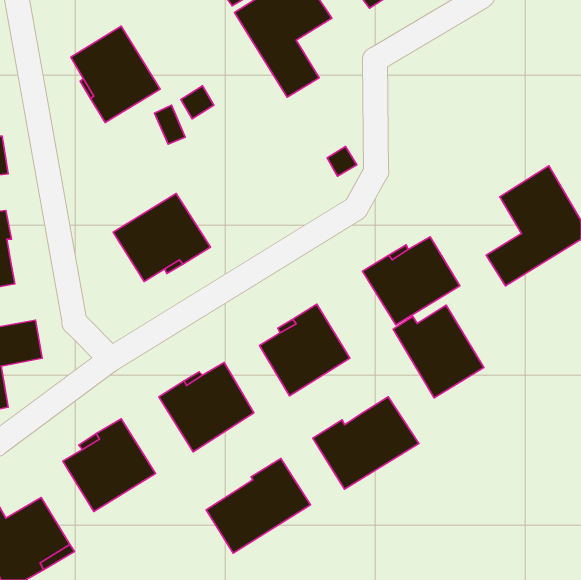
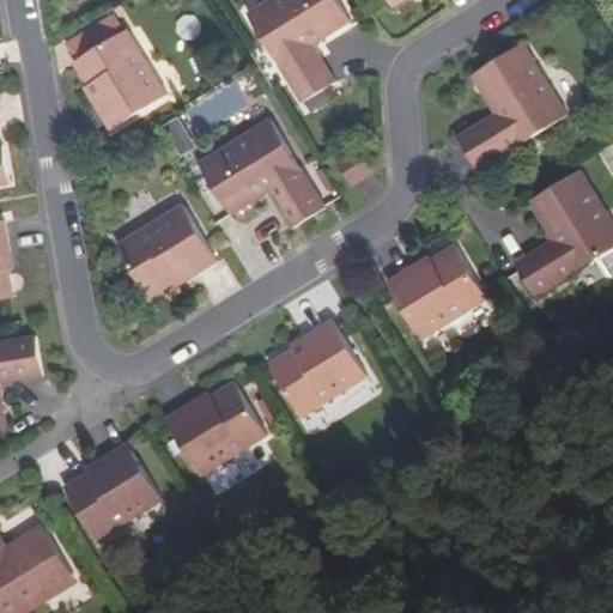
building: none -> [453,48,562,172]
building: none -> [199,120,323,227]
building: [393,305,484,398] -> none
building: [313,397,419,489] -> none
building: [206,458,311,553] -> none

